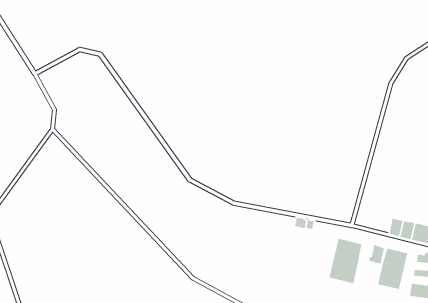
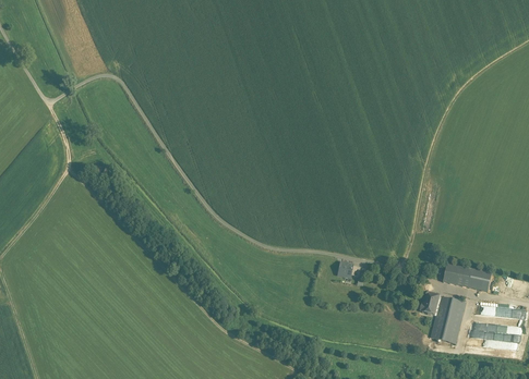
building: [329,238,362,284] -> none

